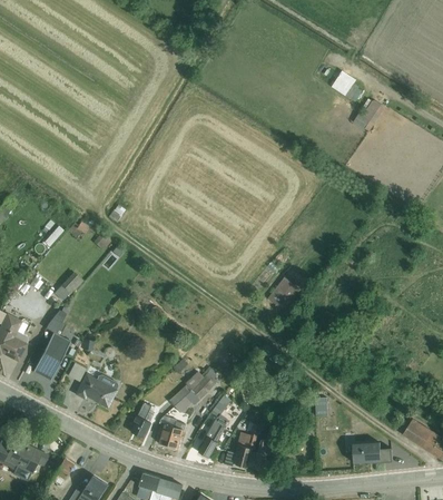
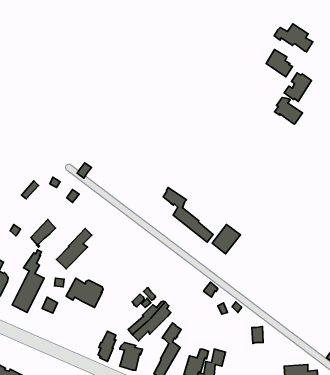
building: none -> [274,24,313,52]
building: none -> [275,97,302,124]
building: none -> [163,187,213,242]
building: none -> [57,228,92,269]
building: [75,373,118,408] -> [66,278,103,308]

